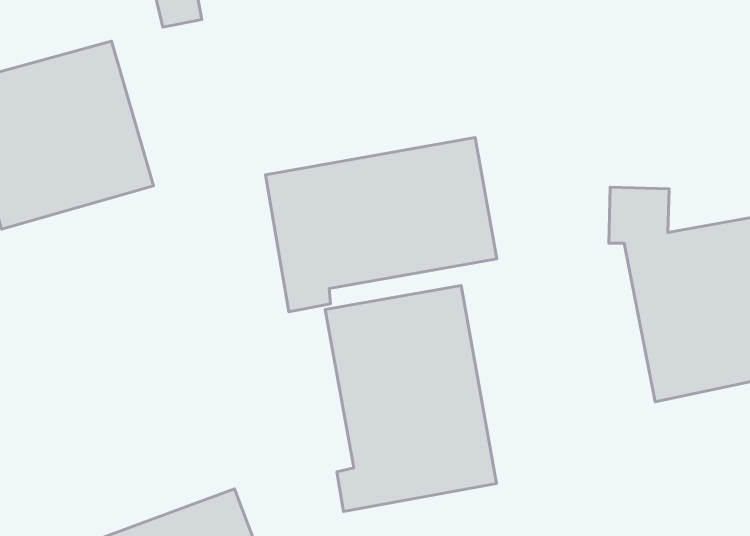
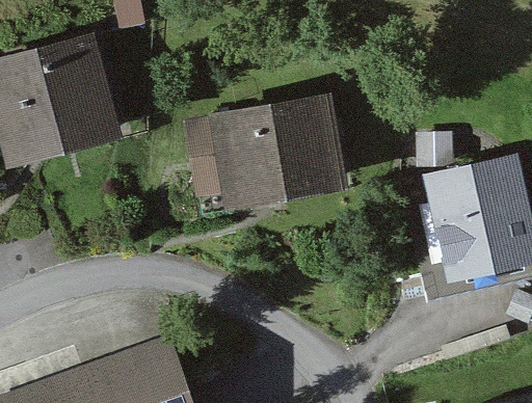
building: [325,286,496,512] -> none

